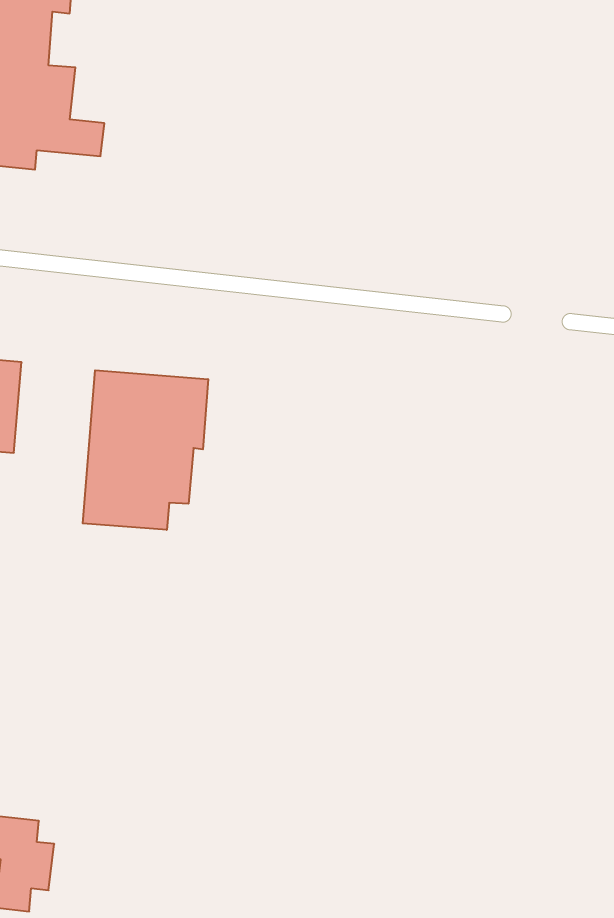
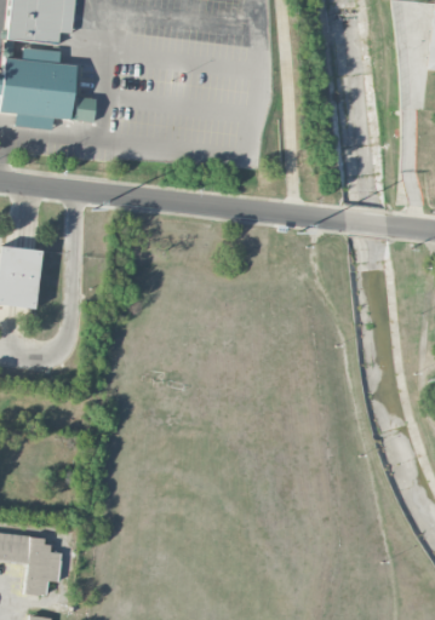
building: [83,370,208,530] -> none

